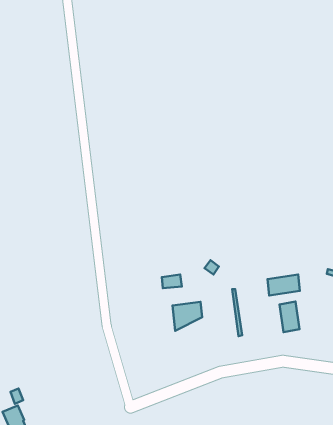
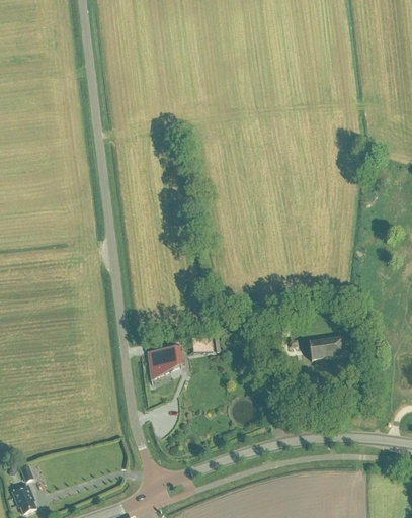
building: [280,302,299,332] -> none
building: [172,302,202,331] -> [148,346,181,378]

